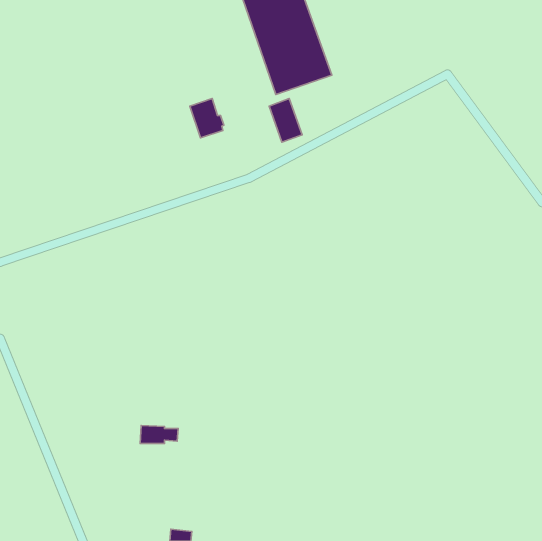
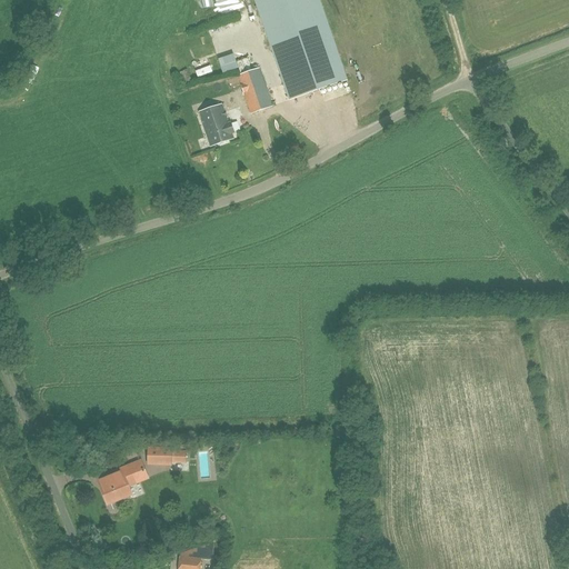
building: [269,99,302,142] -> [238,67,272,112]
building: none -> [101,465,137,501]

